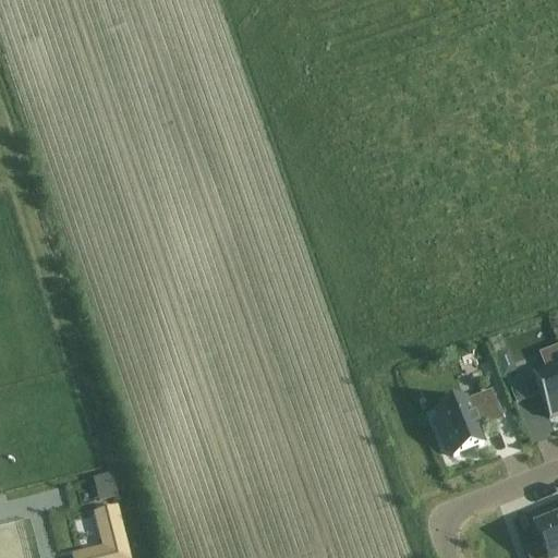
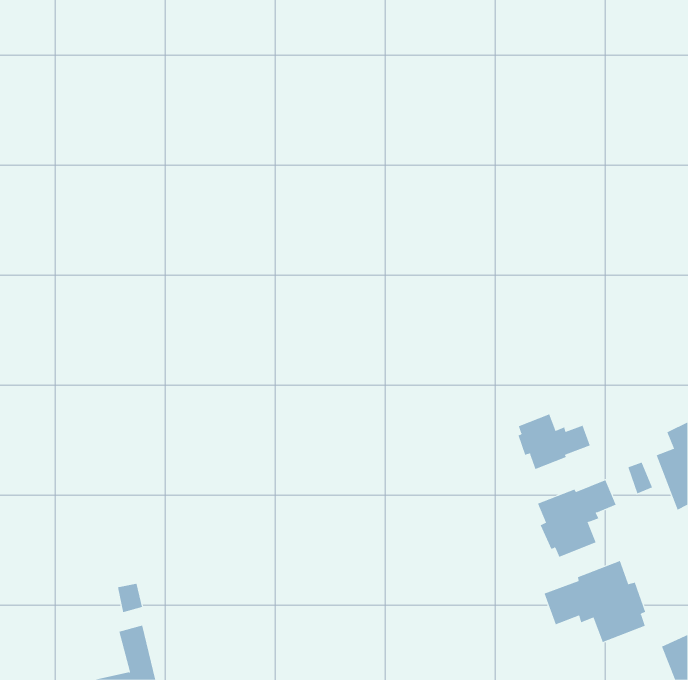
building: none -> [518,414,590,470]
building: none -> [544,560,646,643]

